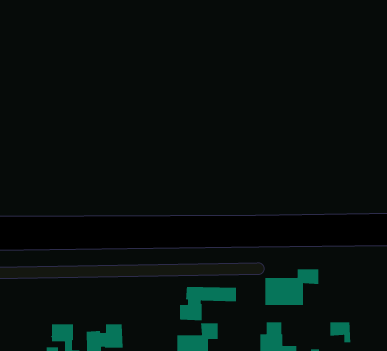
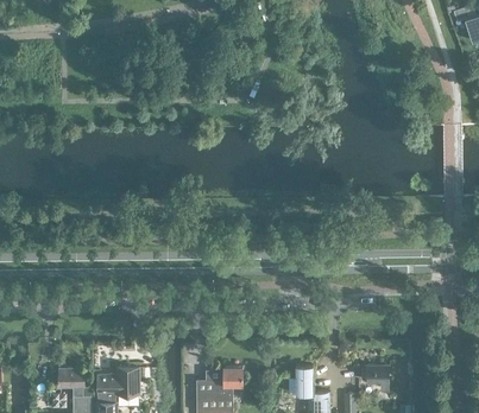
building: [265,269,319,306] -> none
building: [179,286,237,321] -> none

